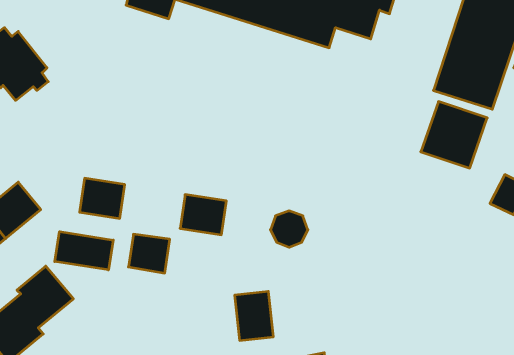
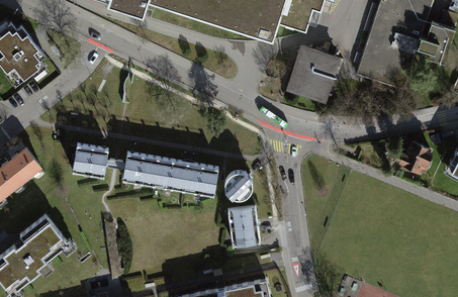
building: [421,102,487,168] -> [288,47,342,101]
building: none -> [185,164,220,196]
building: [55,232,113,270] -> none
building: [128,234,170,273] -> [122,155,156,186]
building: [235,291,273,340] -> [228,208,260,247]

